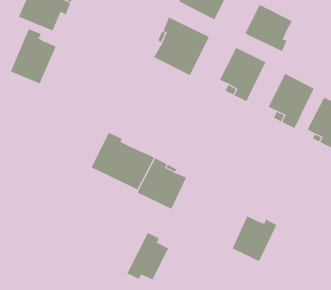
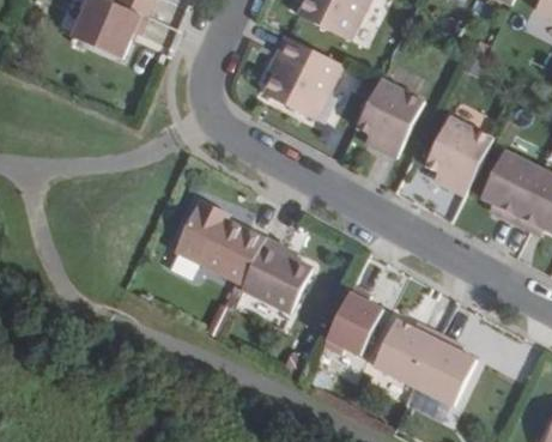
building: [245,4,293,52] -> none
building: [10,28,57,84] -> none
building: none -> [413,332,475,405]
building: [127,232,169,280] -> [322,284,382,352]

